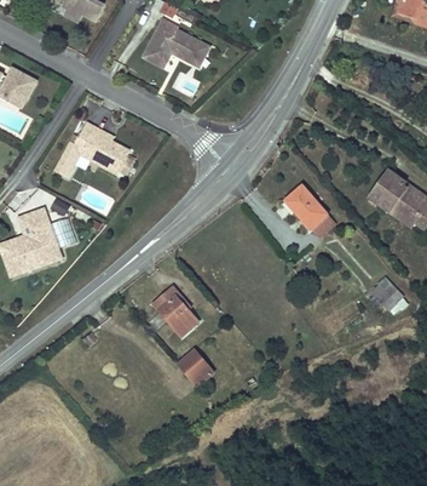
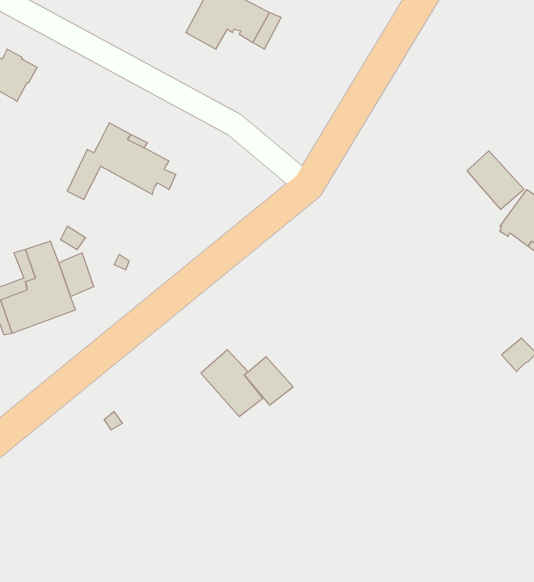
building: [285,184,327,227] -> [467,151,524,209]
building: [178,349,213,384] -> [245,357,293,405]

